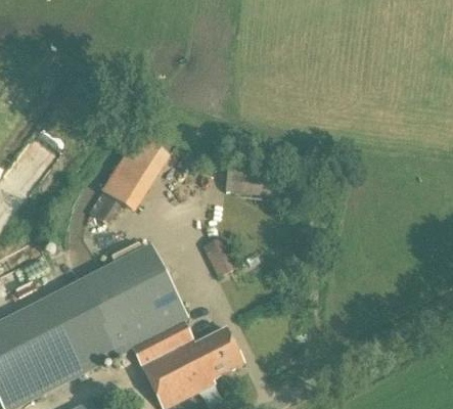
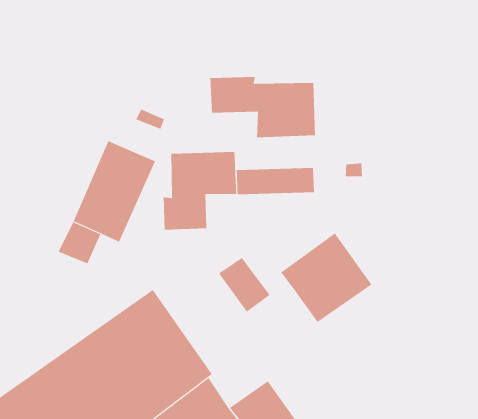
building: none -> [210,76,315,138]
building: none -> [163,151,237,231]
building: none -> [281,233,372,323]

